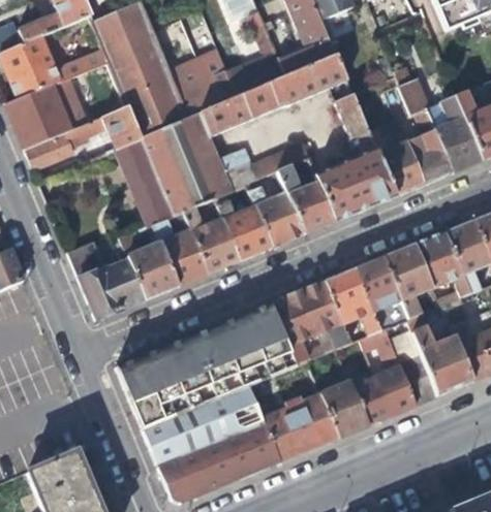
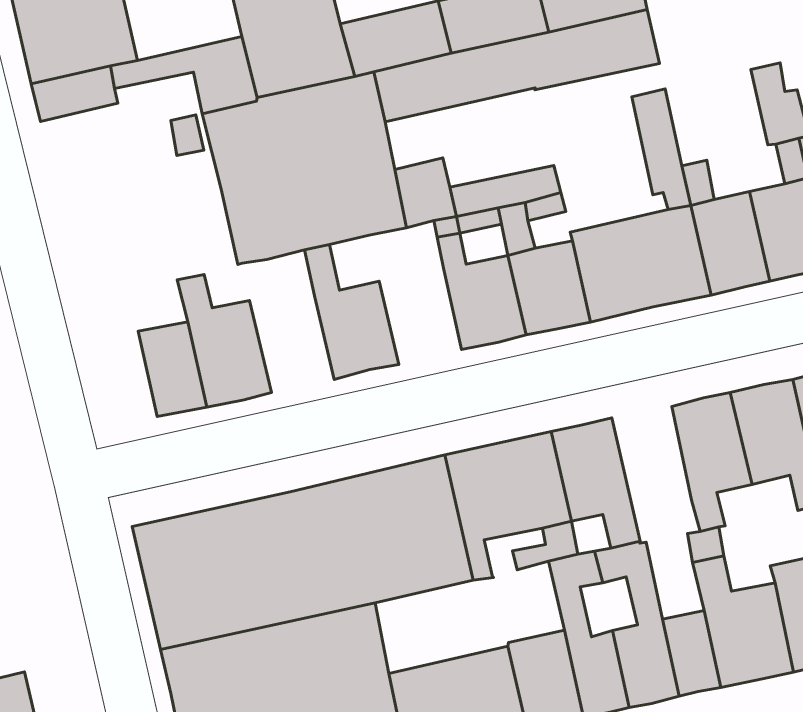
building: [213,190,271,259] -> none
building: [150,217,208,285] -> none
building: [71,248,120,318] -> none
building: [355,256,403,329] -> none

